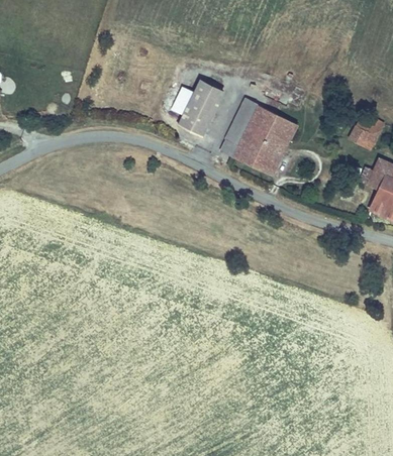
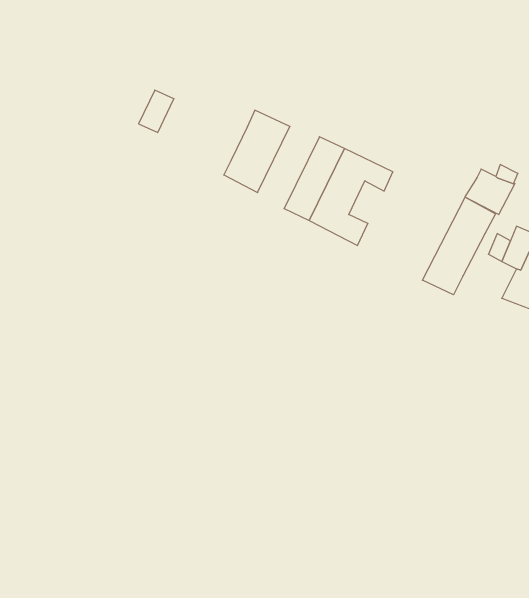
building: [172,86,196,115] -> [139,90,174,133]
building: [266,129,290,158] -> none
building: none -> [422,197,495,295]

